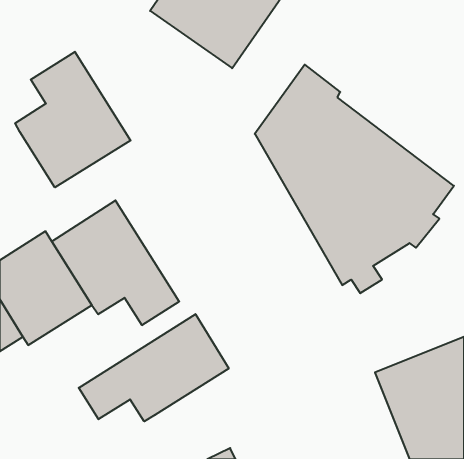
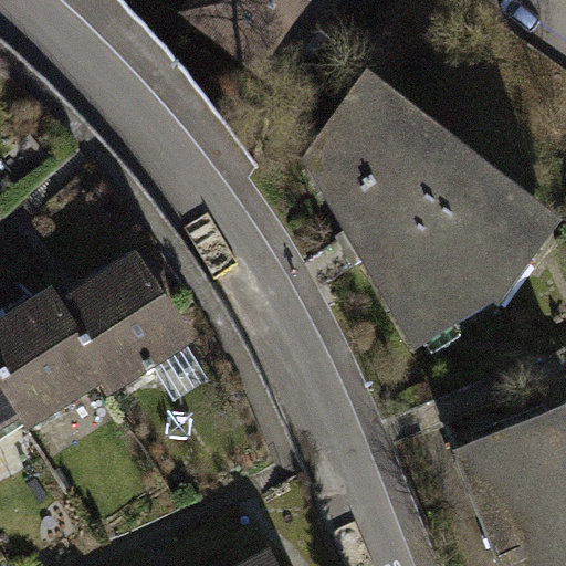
building: [15,52,131,187] -> none
building: [79,314,229,421] -> none

